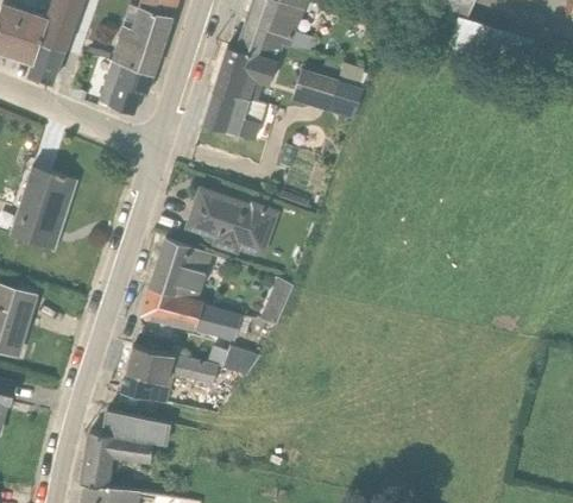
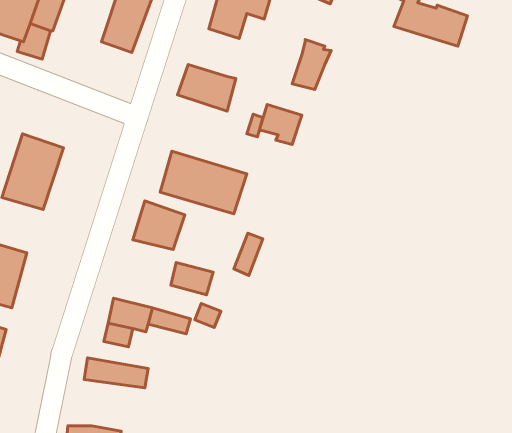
building: [214,48,270,102] -> none
building: [106,64,152,114] -> none
building: [292,67,339,111] -> [260,104,302,145]
building: [139,282,202,332] -> none
building: [82,433,153,486] -> none

